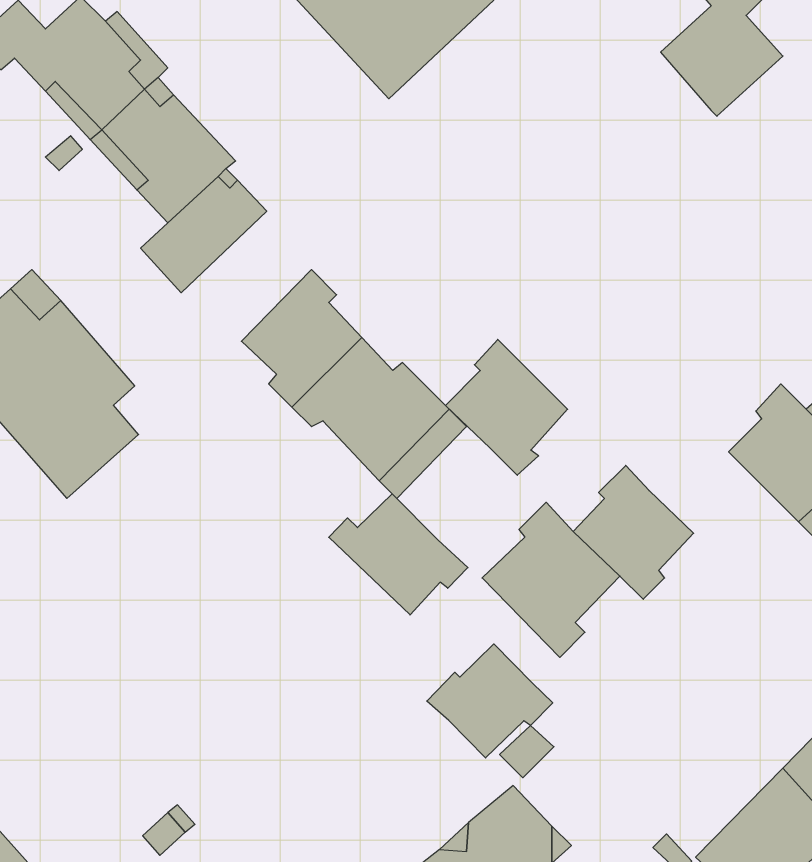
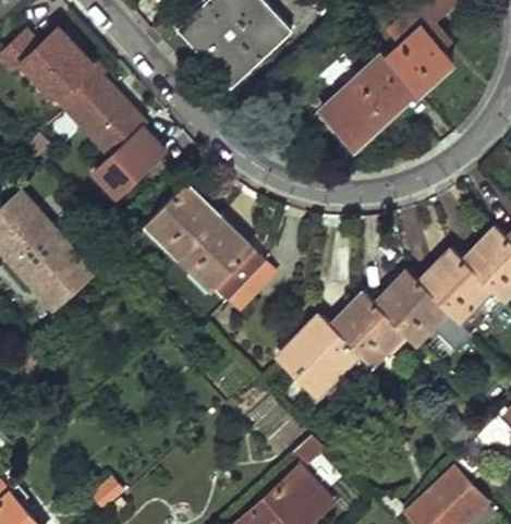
building: none -> [319,56,412,146]
building: [445,339,568,475] -> [377,270,446,346]
building: [329,494,468,615] -> none
building: [427,644,553,758] -> none

